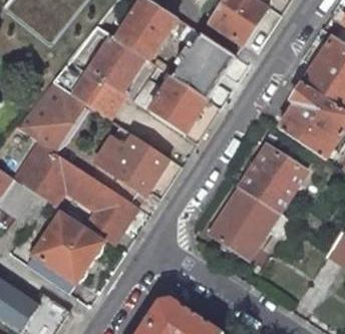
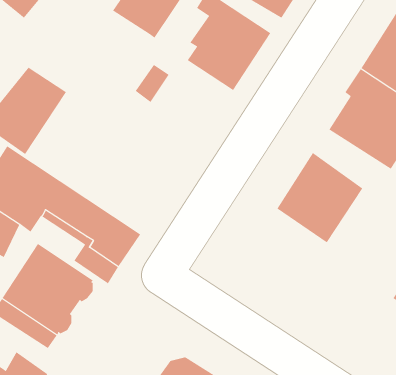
building: [52,36,143,118] -> none
building: [149,73,207,134] -> none
building: [94,125,168,194] -> none
building: [209,188,277,259] -> none

